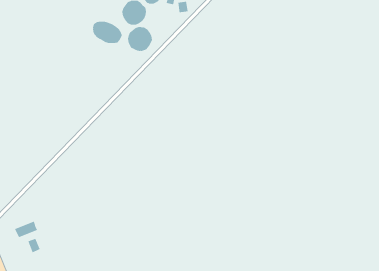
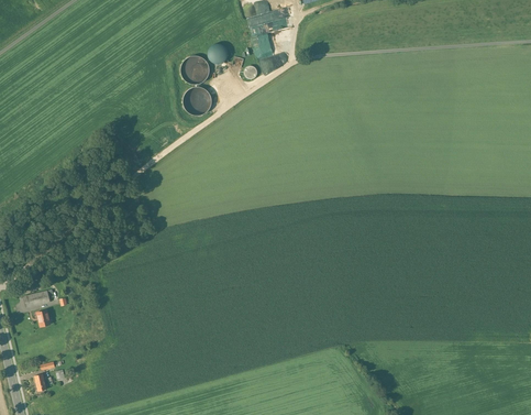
building: [93,21,122,44] -> none

